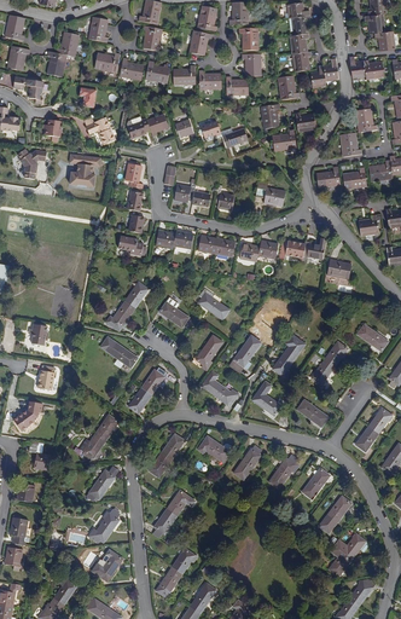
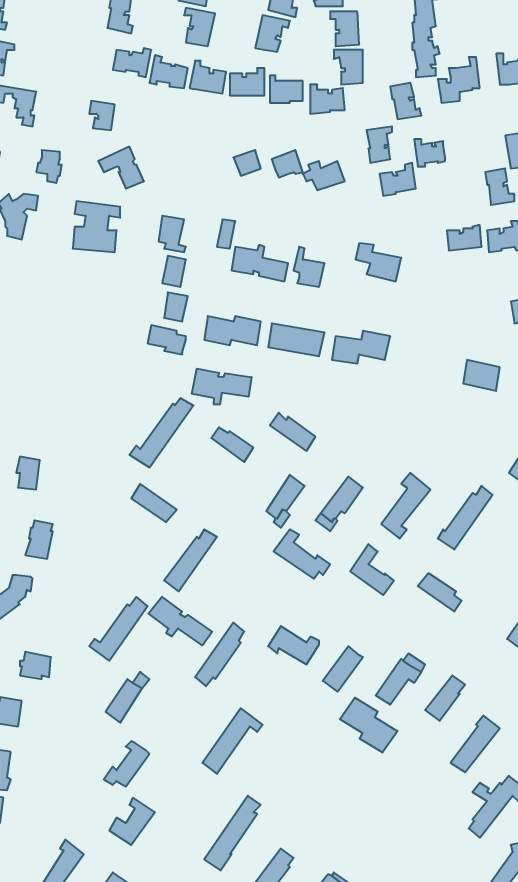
building: [46,31,79,76] -> none
building: [124,114,168,138] -> none
building: [278,238,324,264] -> none
building: none -> [192,369,252,405]
building: none -> [148,597,212,645]
building: none -> [340,698,398,753]

